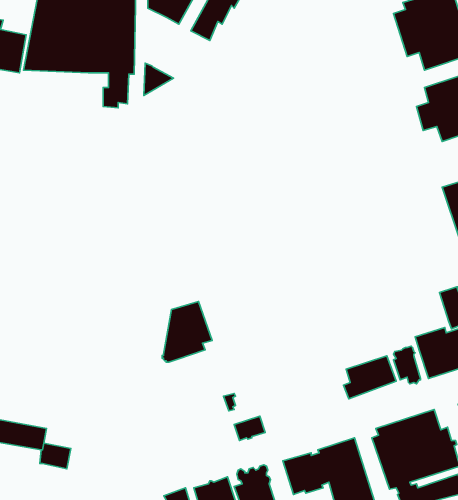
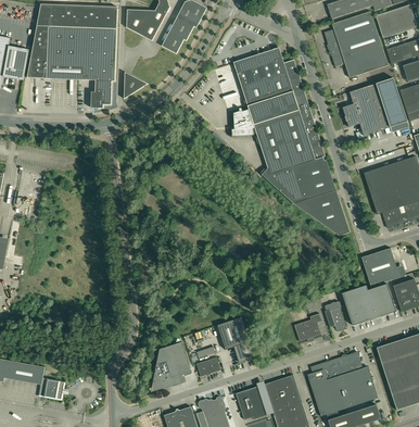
building: none -> [231,47,348,235]
building: [162,301,212,362] -> [151,341,191,390]
building: none -> [217,316,254,361]

